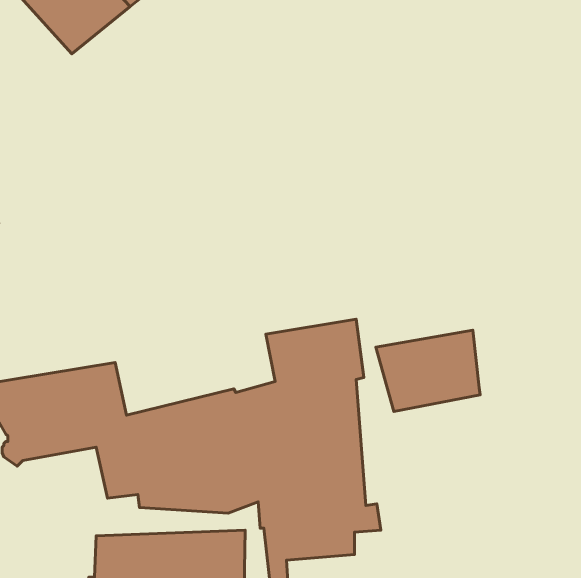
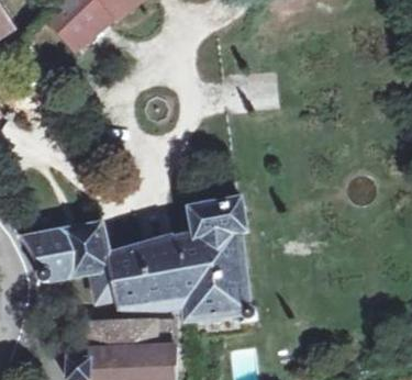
building: [376,330,480,411] -> none

